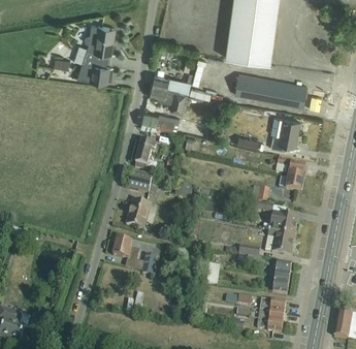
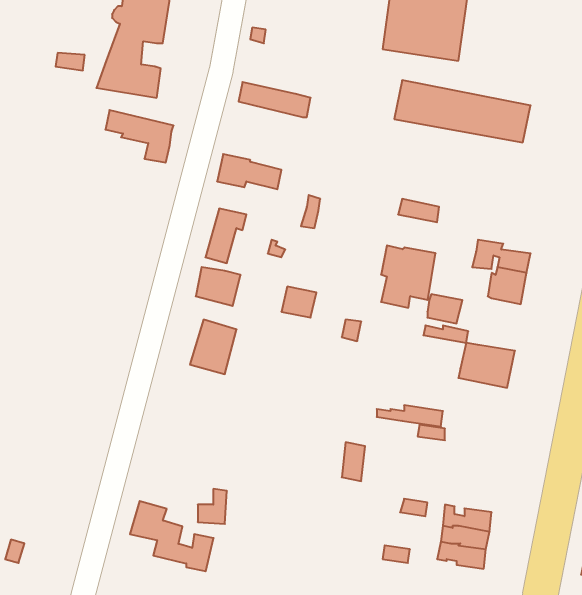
building: [150,85,186,113] -> [105,110,174,163]
building: [270,118,299,151] -> [381,245,436,308]
building: [265,231,294,256] -> none
building: [112,237,157,275] -> [130,501,214,571]
building: [272,262,292,294] -> none

